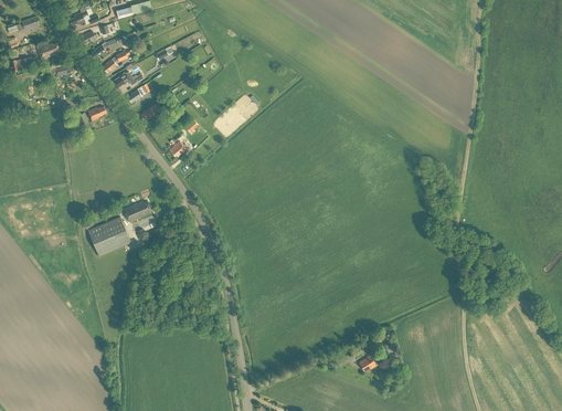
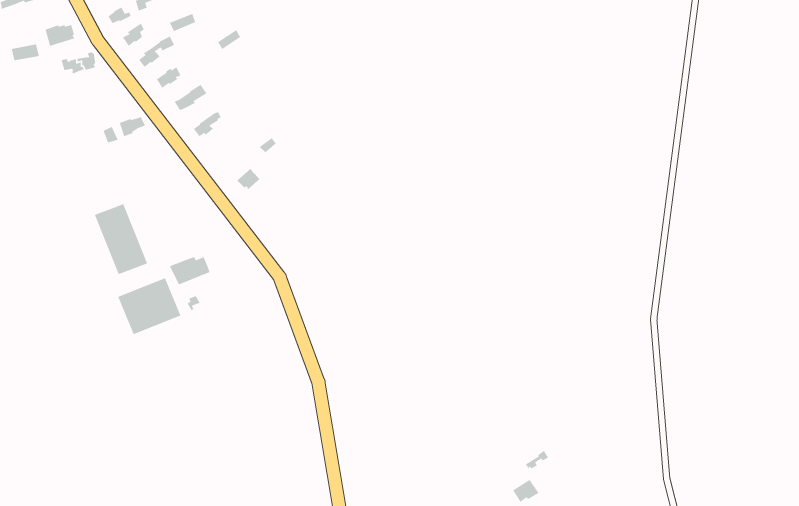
building: none -> [94,203,148,275]

